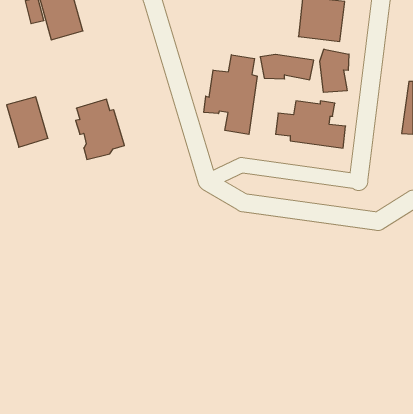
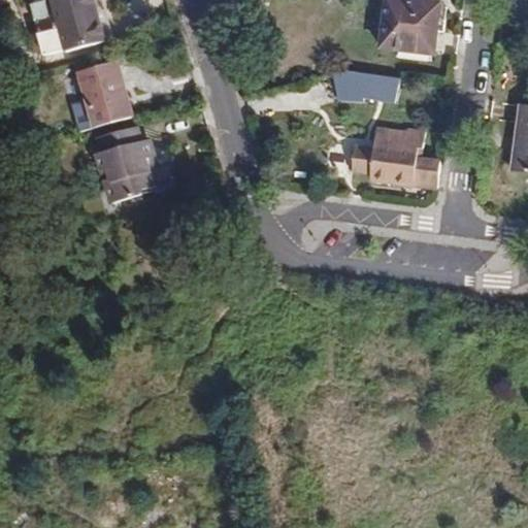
building: [320,49,349,92] -> none
building: [204,55,257,134] -> none
building: [7,97,48,147] -> [79,64,132,128]

